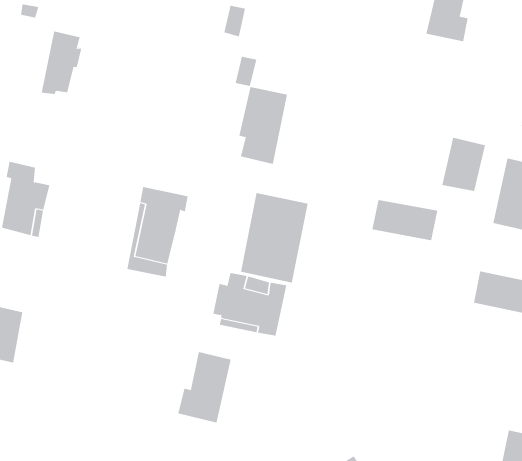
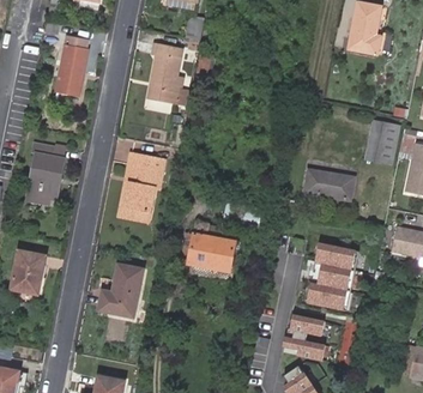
building: [239,87,288,164] -> [153,53,191,111]
building: [240,192,308,283] -> [307,242,358,310]
building: [178,351,232,423] -> [105,265,146,319]
building: none -> [283,315,324,361]

